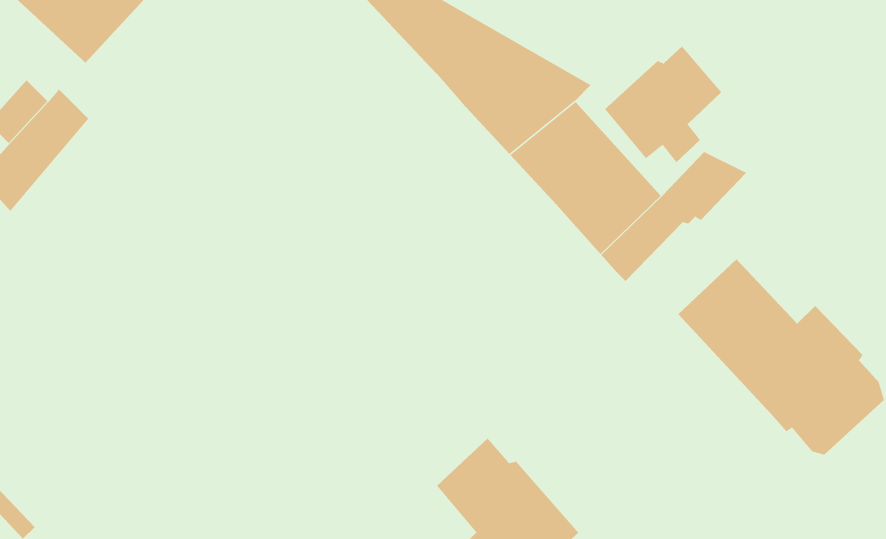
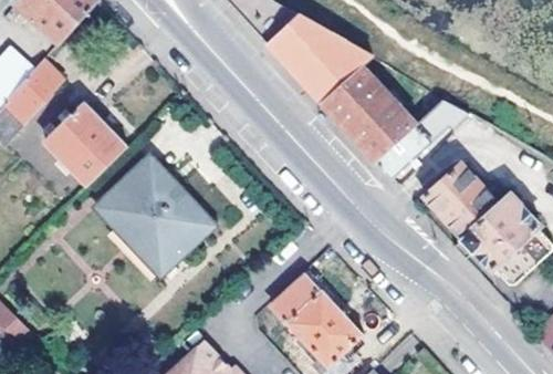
building: [604,46,722,163] -> none
building: none -> [43,103,125,185]
building: none -> [98,162,205,270]

